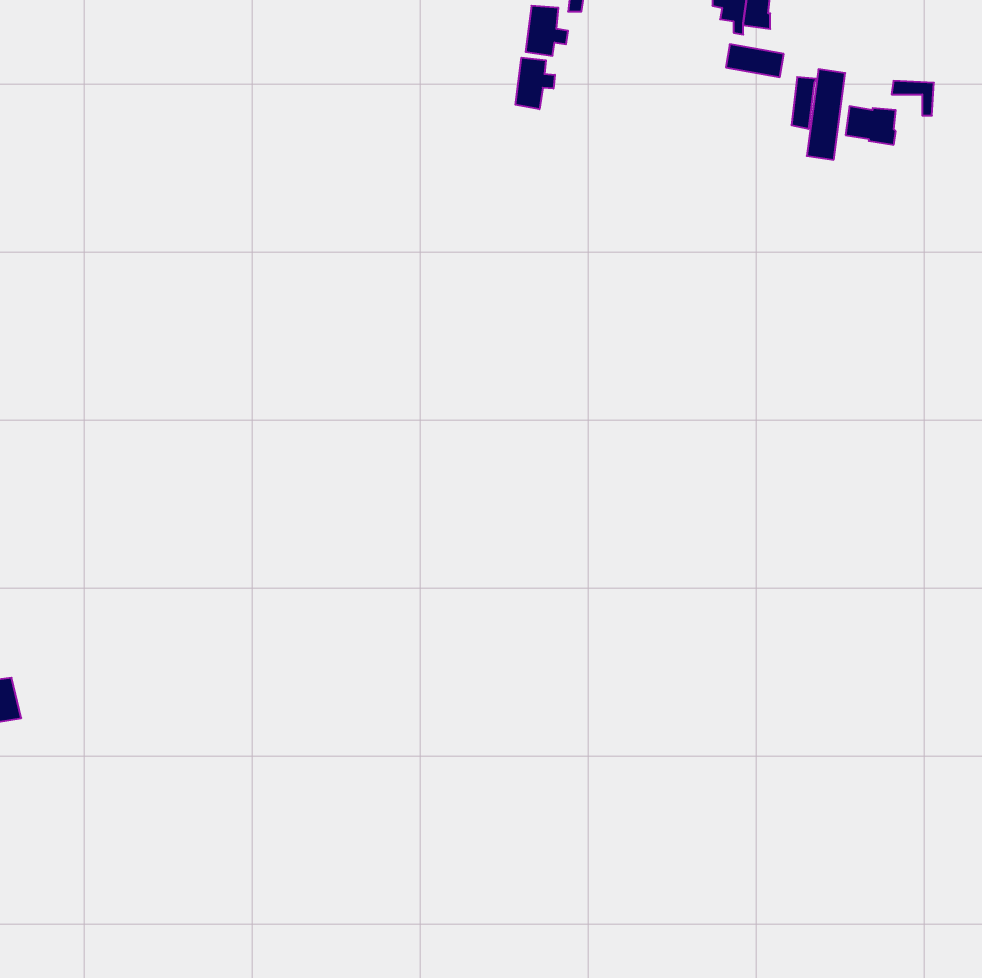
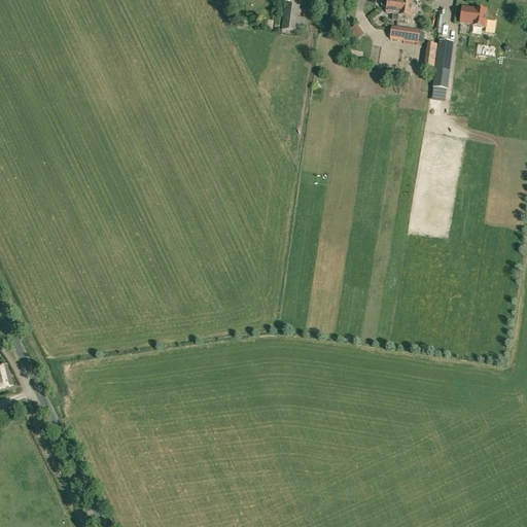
building: [515,58,555,109] -> none
building: [846,106,896,145] -> [459,5,486,26]

